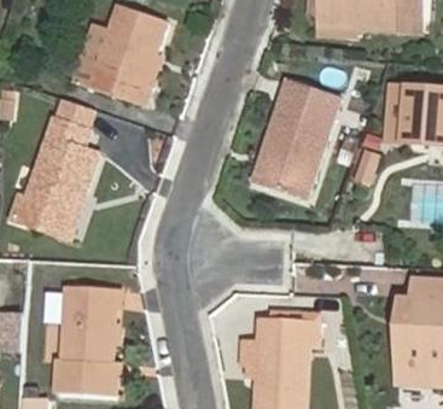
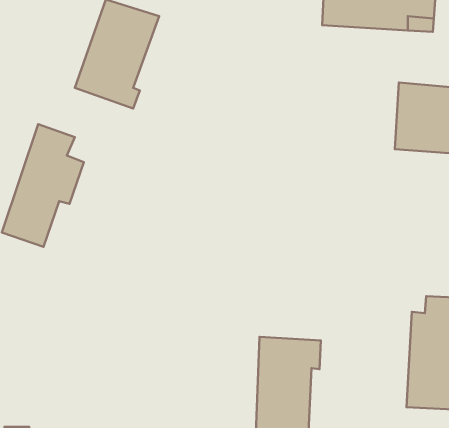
building: [260,80,338,197] -> none
building: [54,286,117,396] -> none

